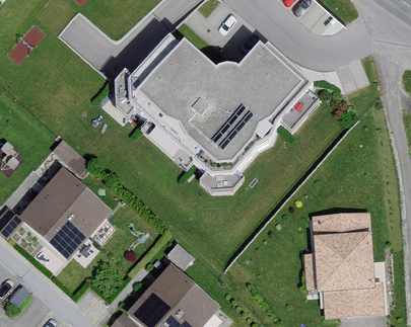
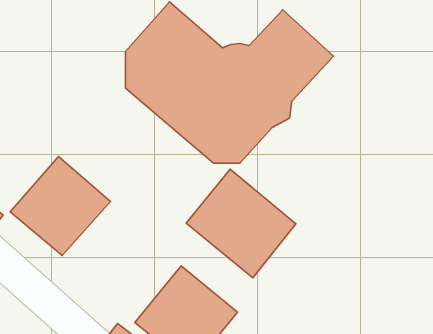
building: none -> [186,169,296,278]
building: [311,212,380,320] -> none

